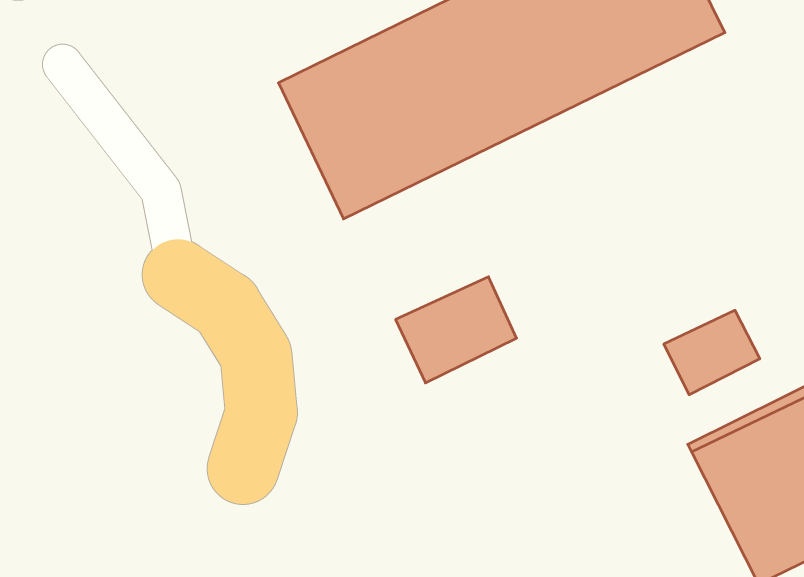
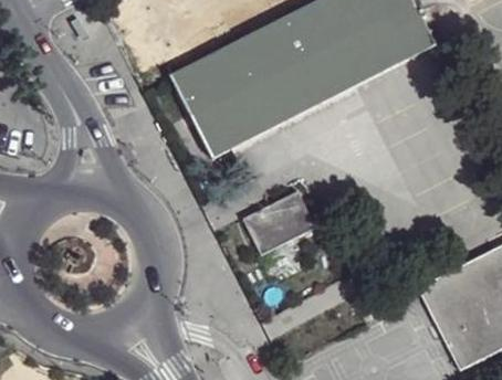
building: [664,310,760,395] -> none

